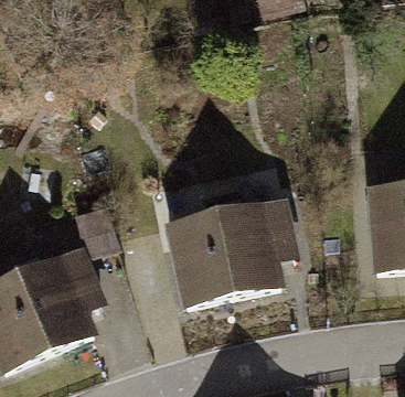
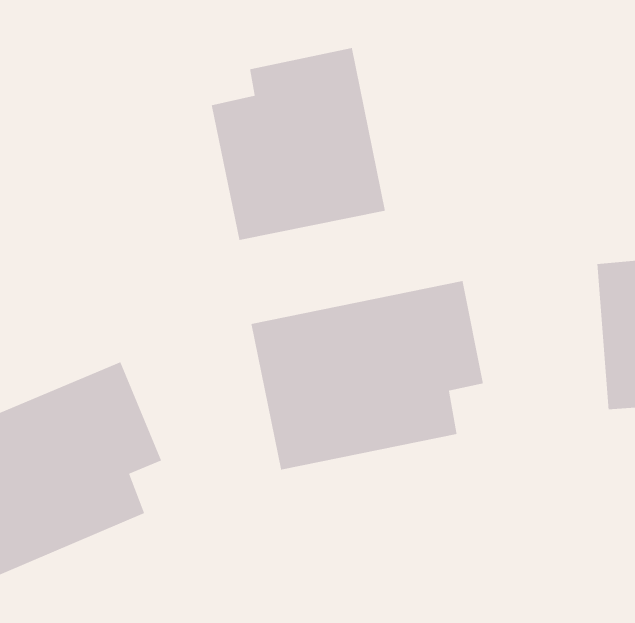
building: none -> [211,47,386,241]

